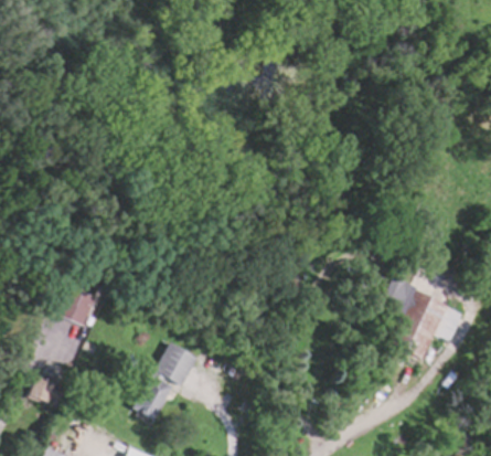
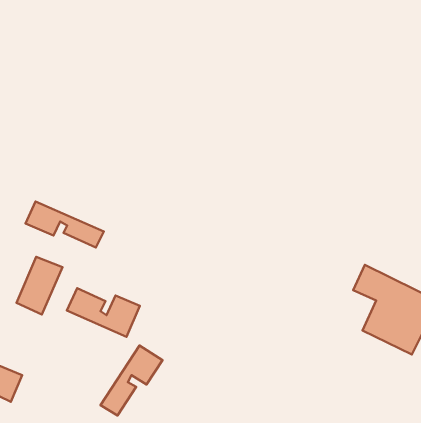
building: none -> [26,201,104,247]
building: none -> [67,288,140,337]

